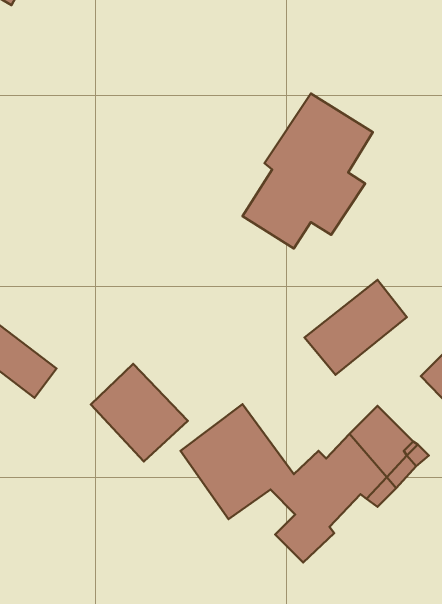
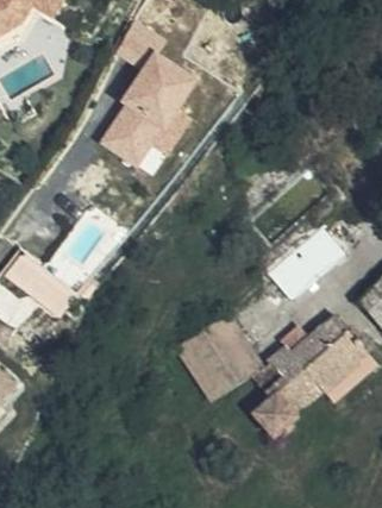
building: [243,93,373,249] -> [100,45,200,164]
building: [91,364,188,461] -> none

